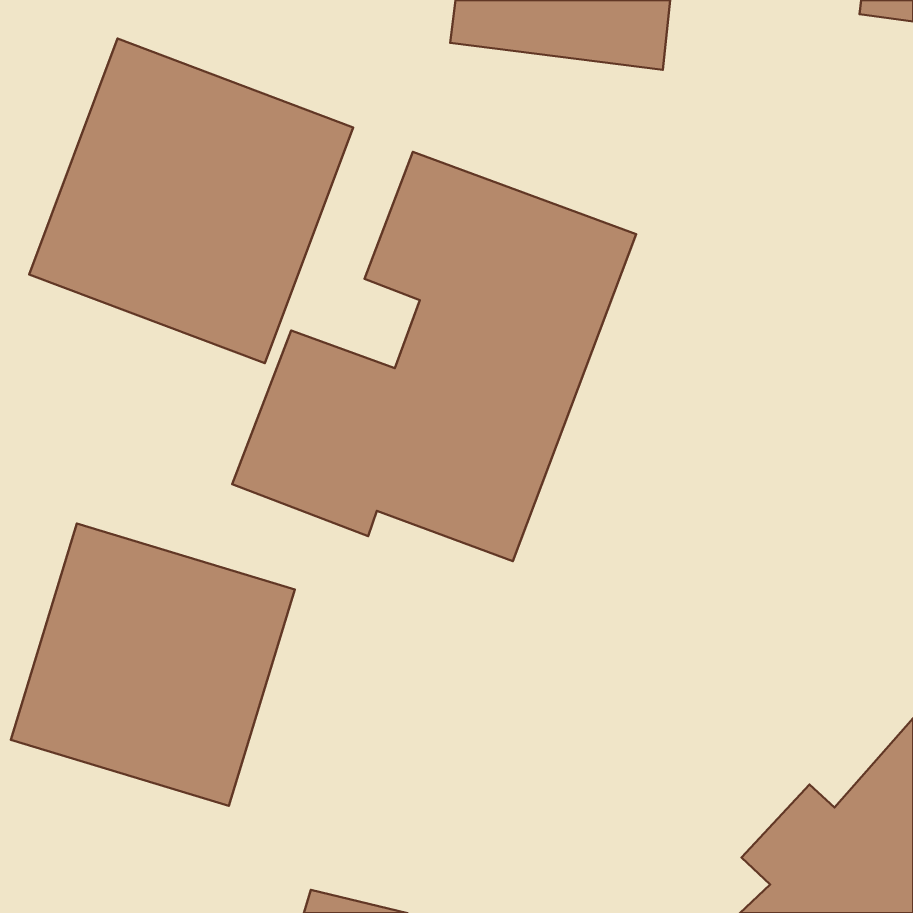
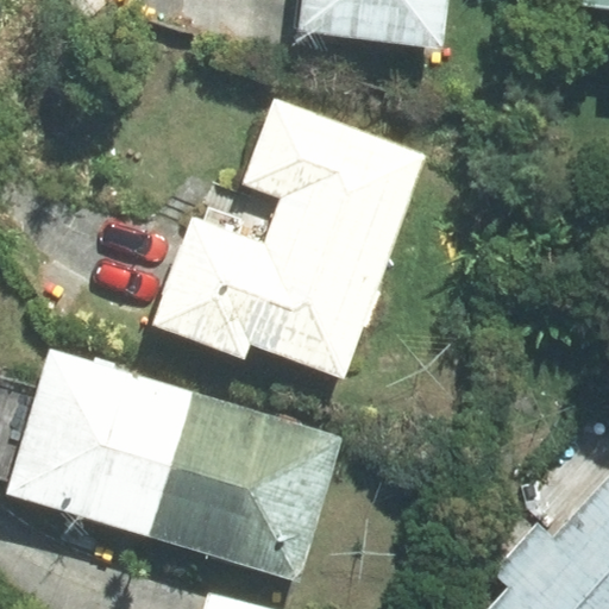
building: [29,39,353,363] -> none
building: none -> [152,393,340,580]

